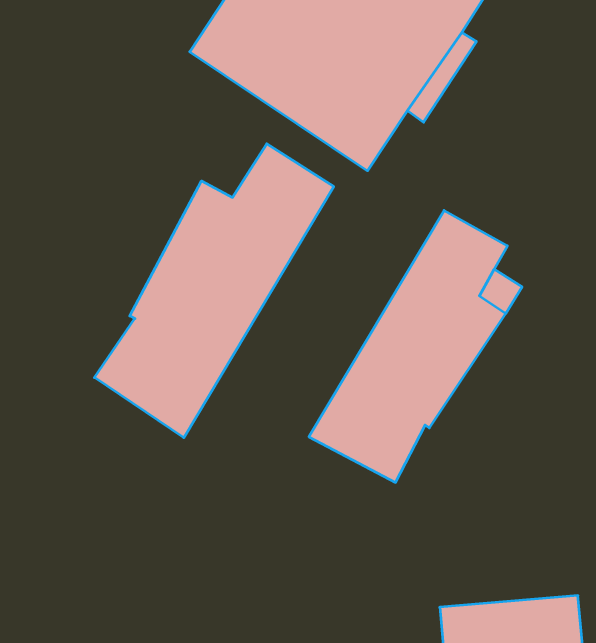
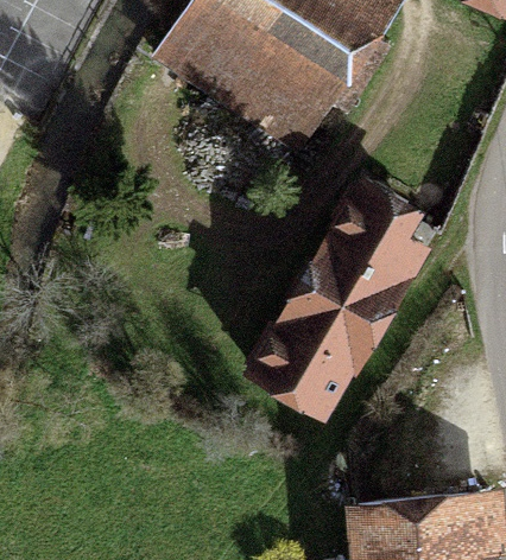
building: [94,144,334,438] -> none

